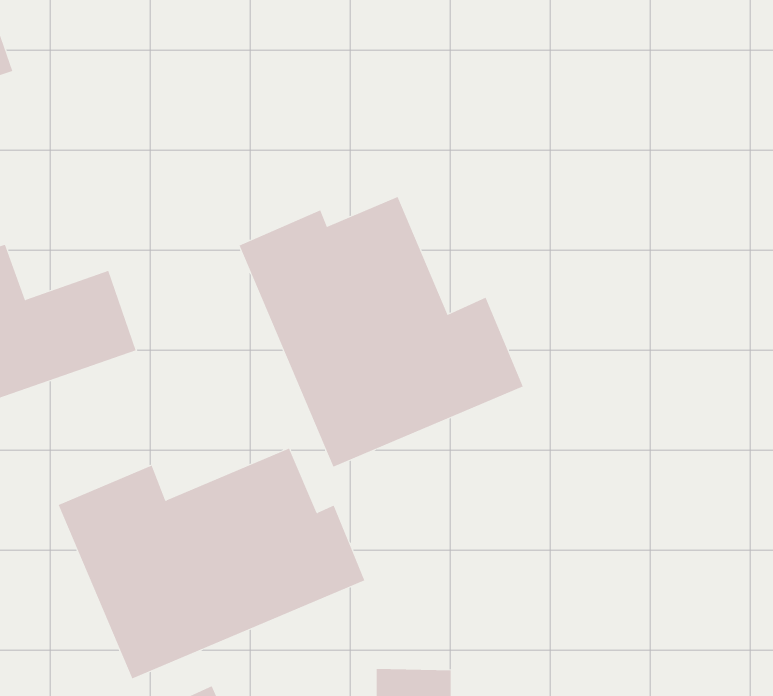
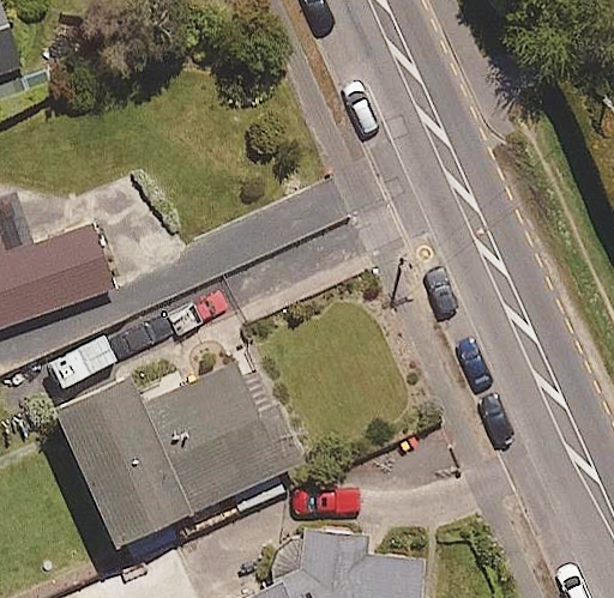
building: [239,196,524,467] -> none

